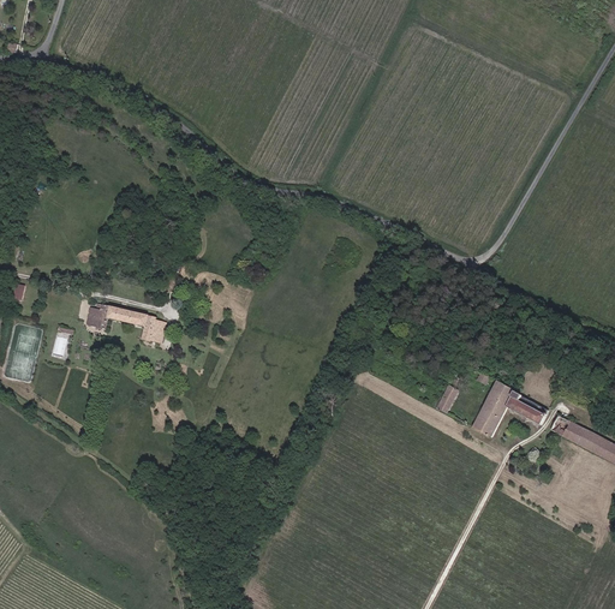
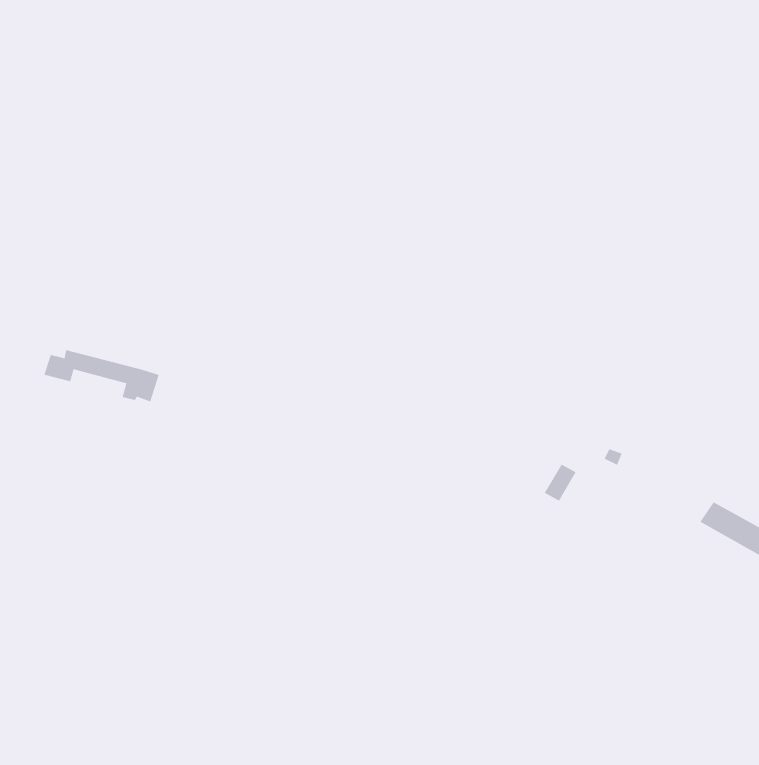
building: [474,386,545,432] -> none

